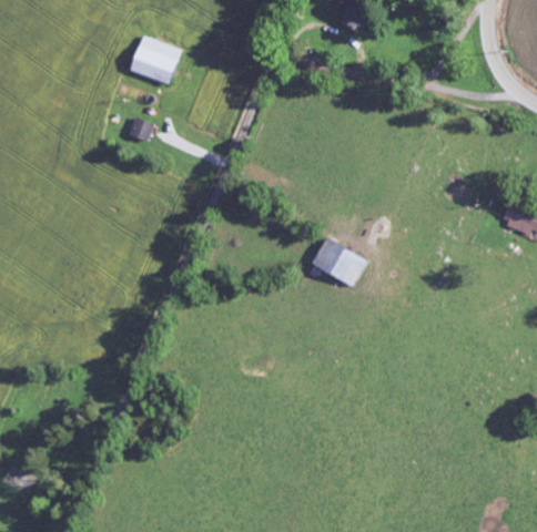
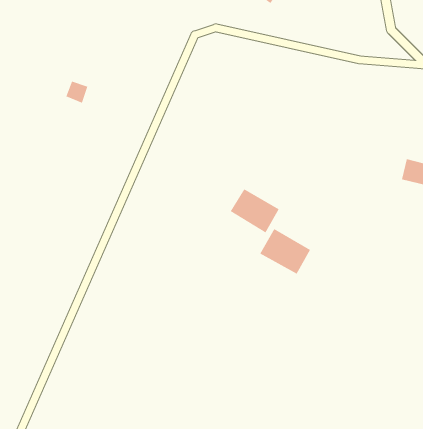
building: [131,38,181,84] -> none
building: none -> [259,228,311,275]

